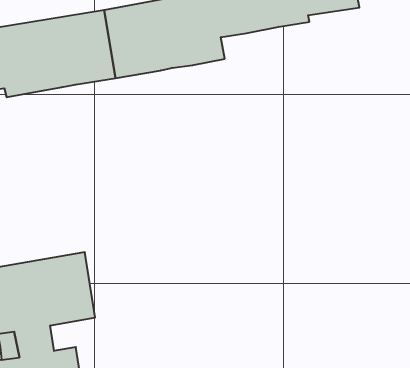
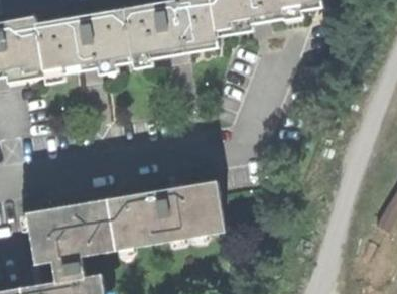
building: none -> [106,181,223,251]

